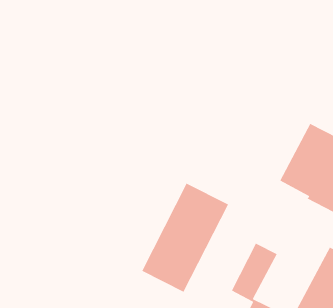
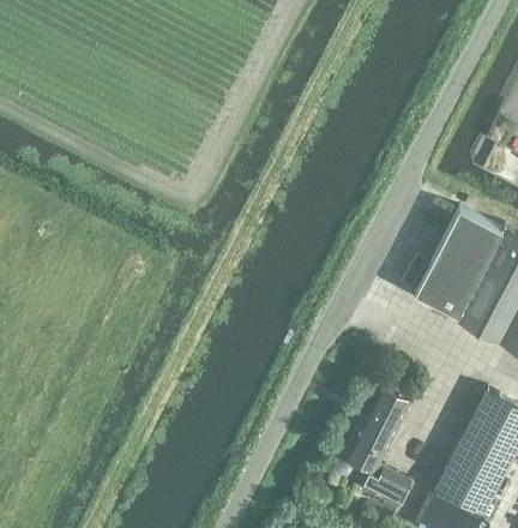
building: [141,182,229,293] -> none

